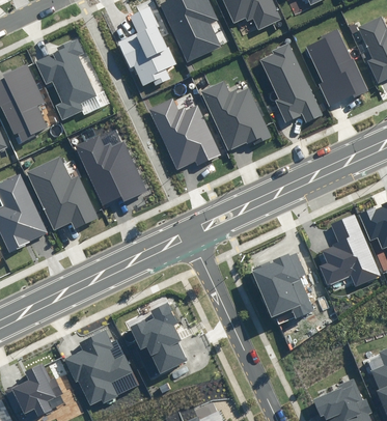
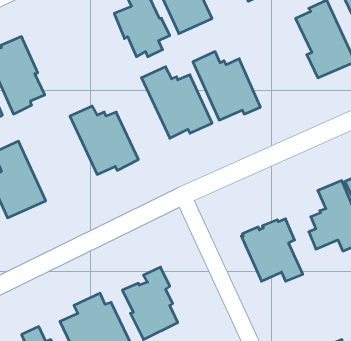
building: [34,37,95,120] -> none
building: [259,45,321,122] -> none
building: [25,155,98,231] -> none

